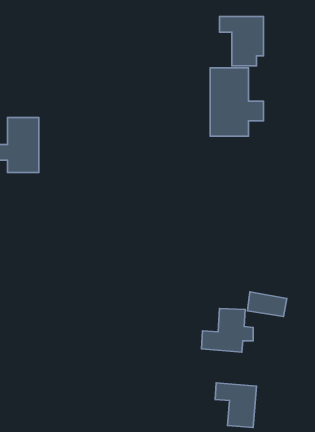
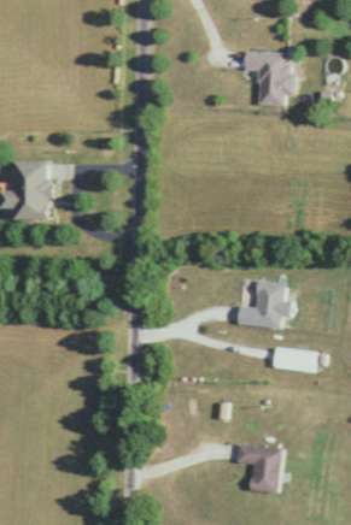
building: [210,68,264,136] -> none
building: [201,308,253,352] -> [236,282,292,329]

